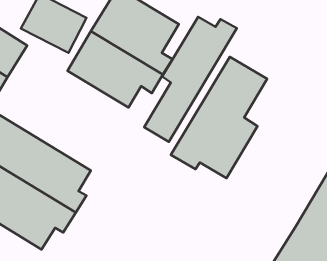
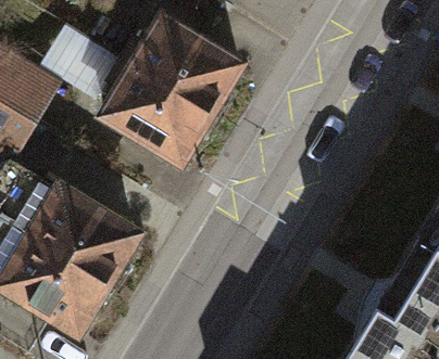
building: [144,17,237,142] -> none
building: [171,57,267,178] -> none

